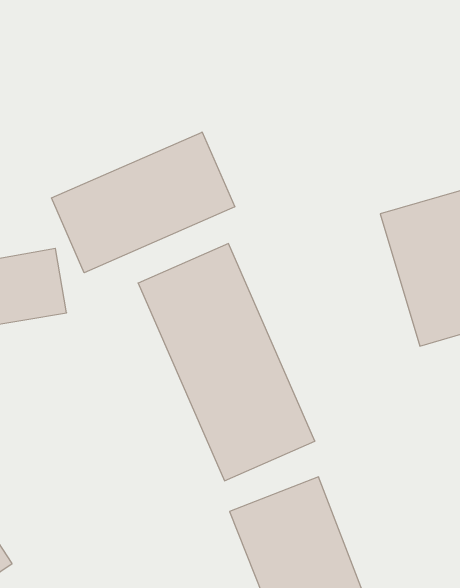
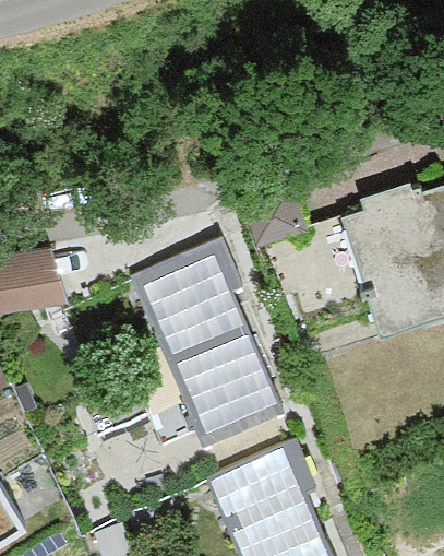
building: [52,132,235,273] -> none

